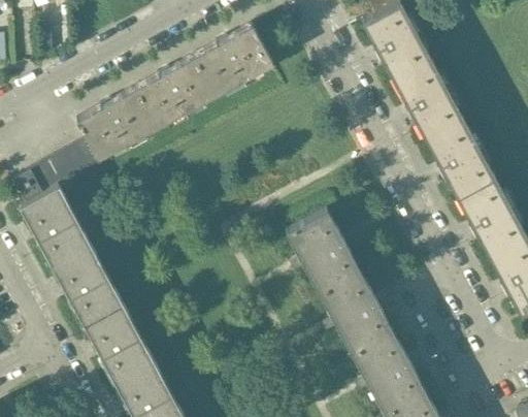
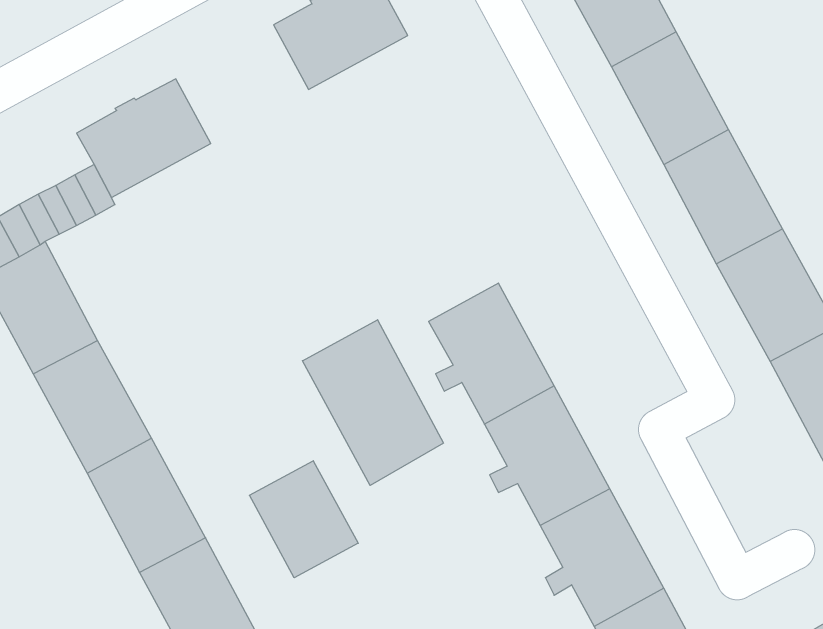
building: [135,56,213,126] -> none
building: none -> [302,320,443,485]
building: none -> [249,461,358,578]

